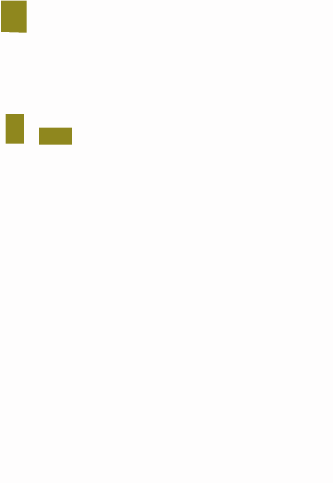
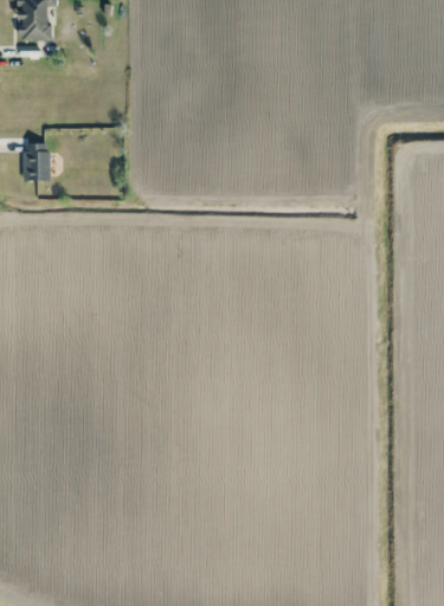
building: [38,127,72,146] -> none

